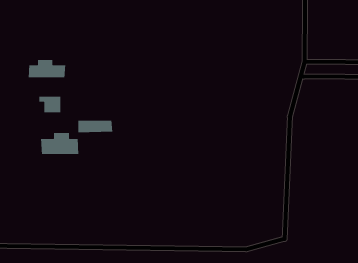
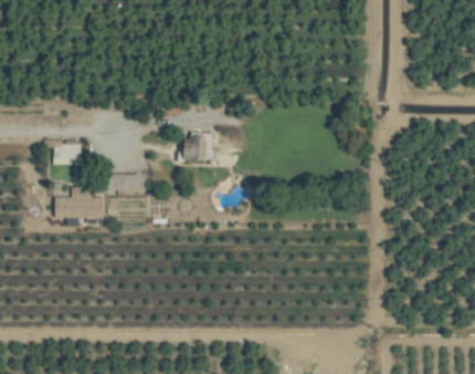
building: [28,59,66,78] -> none
building: none -> [181,133,219,160]

